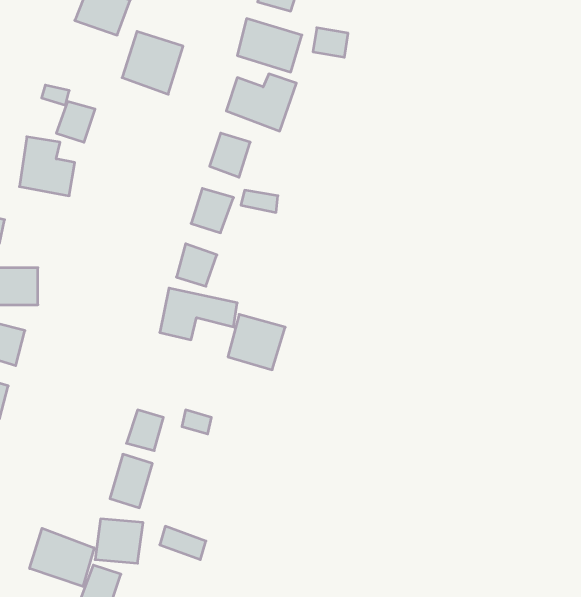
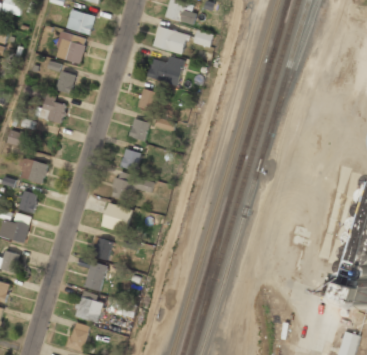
building: [122,31,183,94] -> [54,31,87,65]
building: [228,314,285,370] -> [102,203,133,233]
building: [30,528,94,586] -> none

